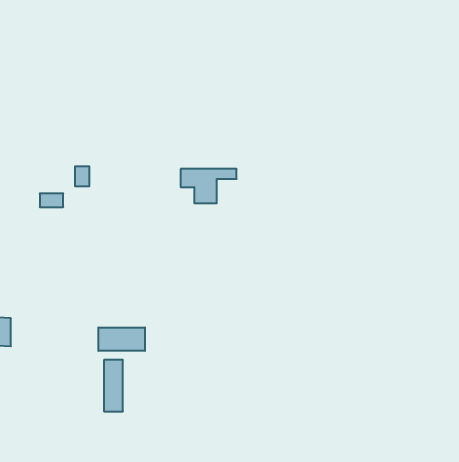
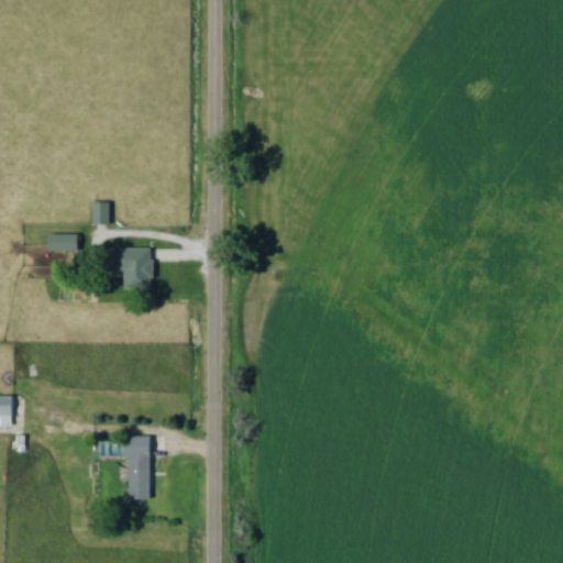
building: [181,169,237,203] -> [107,250,175,291]
building: [98,327,145,351] -> none

